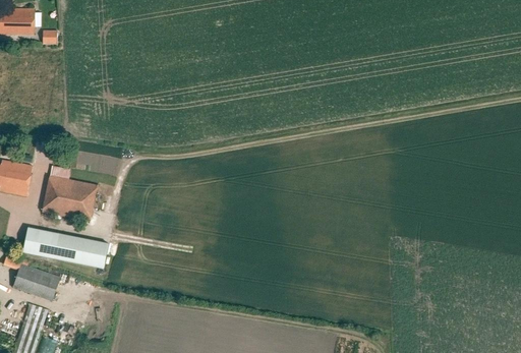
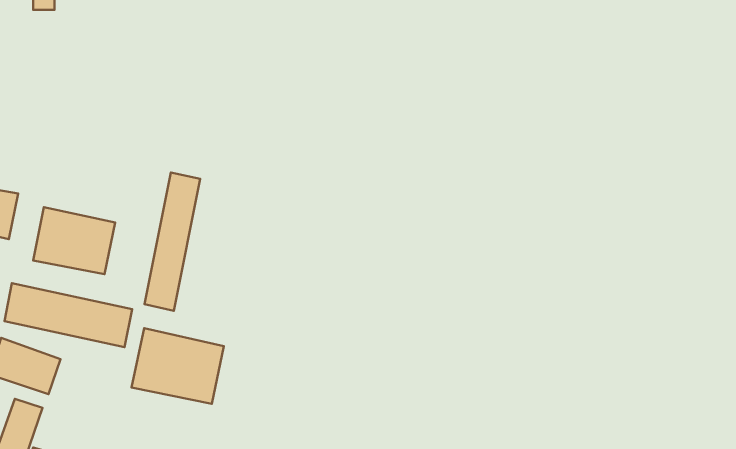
building: none -> [144,172,200,311]
building: none -> [132,328,224,404]

